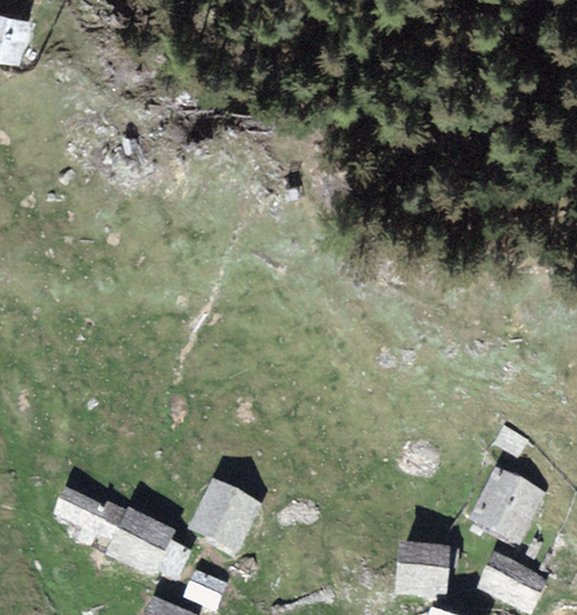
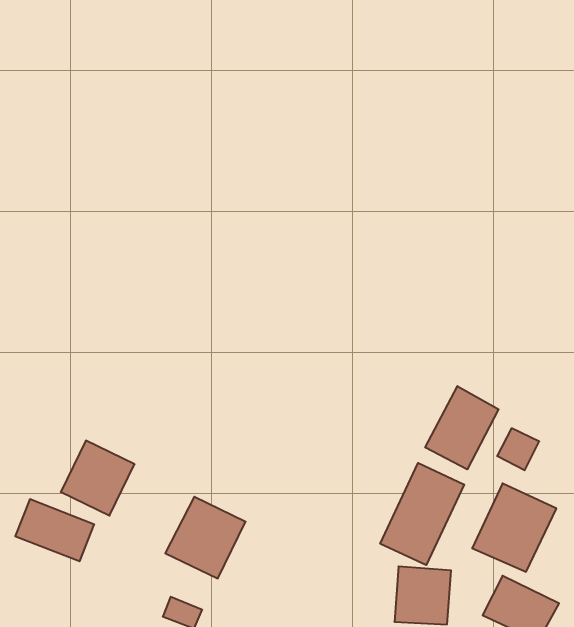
building: none -> [425,386,499,469]
building: none -> [380,463,464,565]
building: [109,508,177,577] -> [61,441,135,516]

